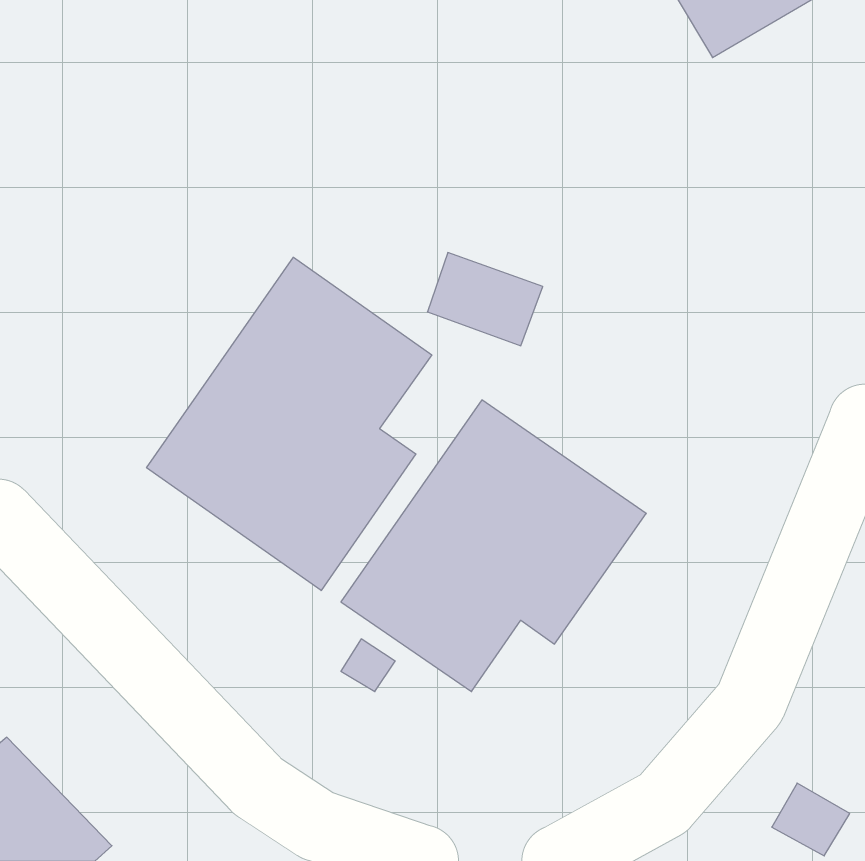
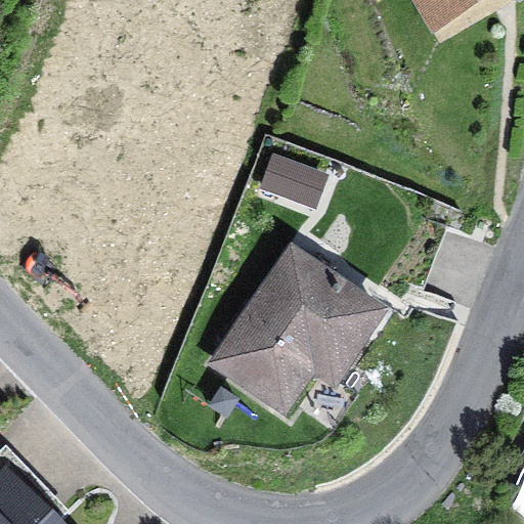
building: [147,257,432,591] -> none

